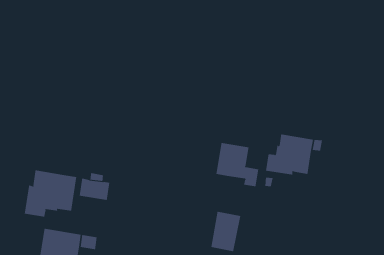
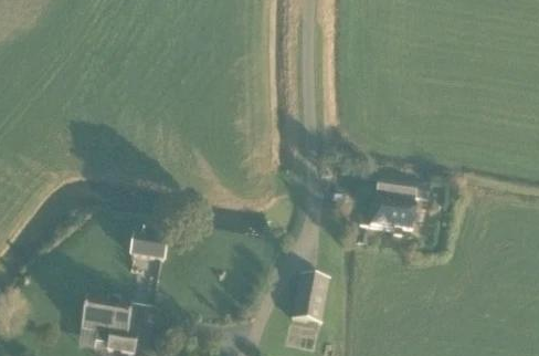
building: [216,142,259,187] -> none
building: [24,170,77,217] -> none

